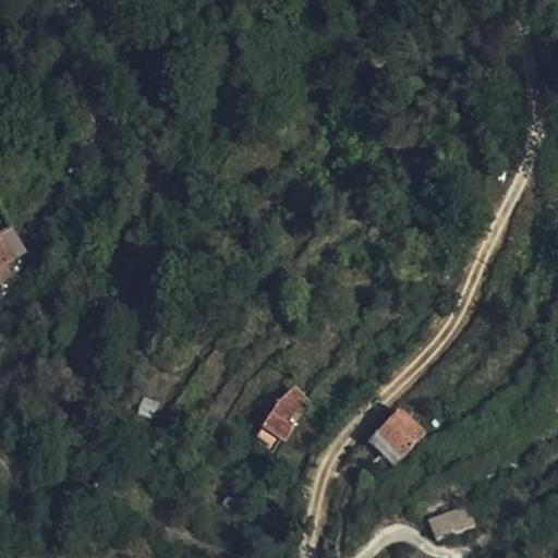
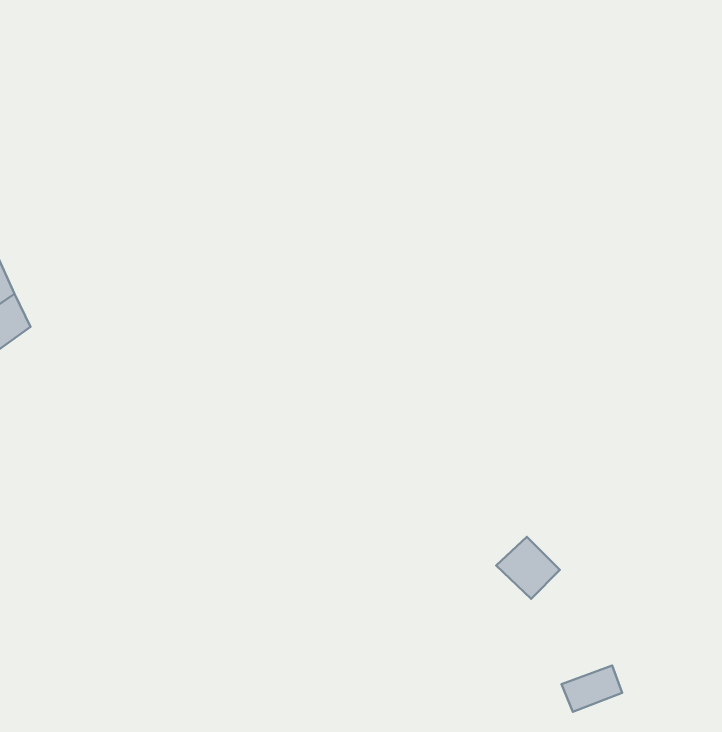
building: [260,395,304,439] -> none

